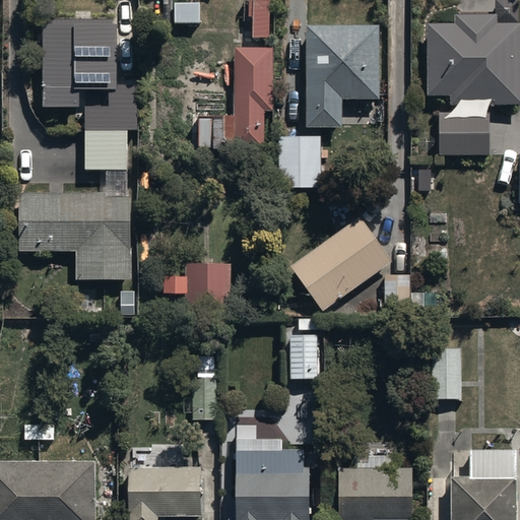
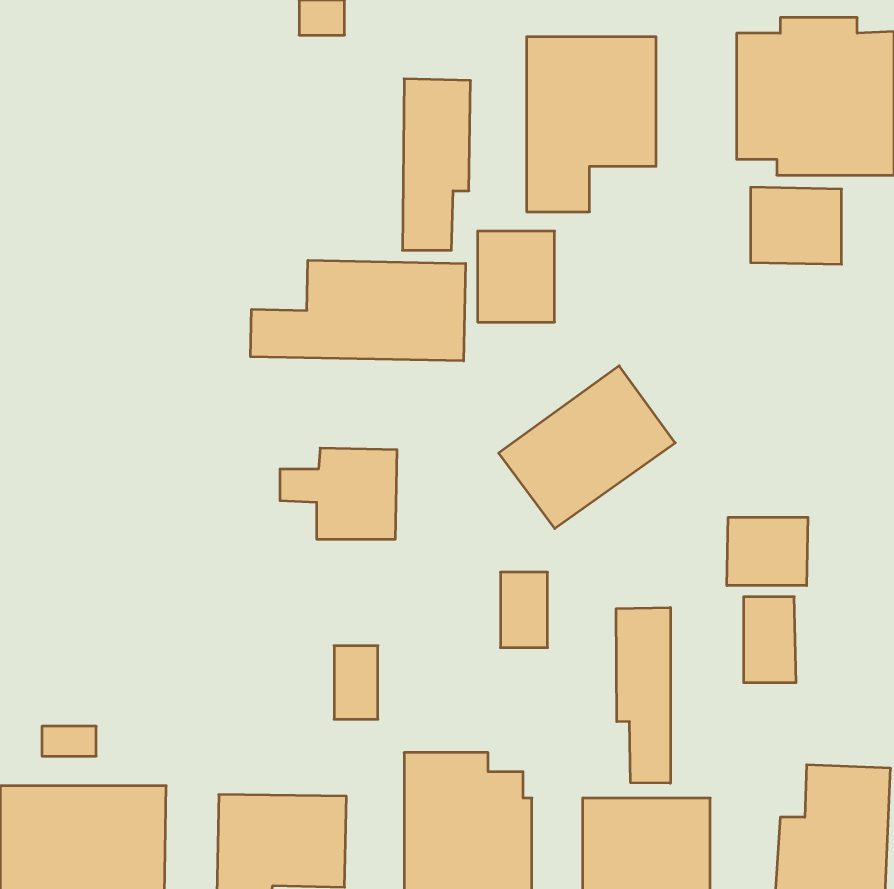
building: [42,23,137,173] -> none
building: none -> [251,260,466,361]
building: [18,195,133,281] -> none
building: none -> [727,517,808,586]
building: none -> [616,607,670,783]

